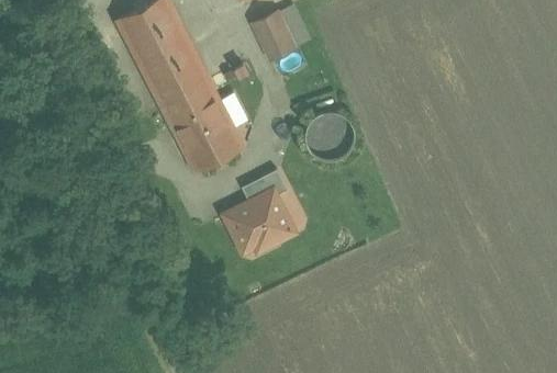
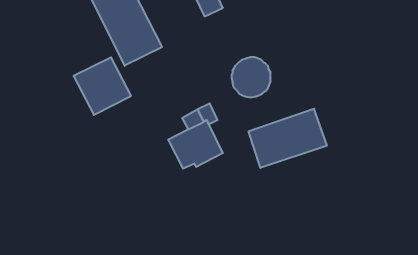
building: [169,97,242,169] -> [74,57,131,115]
building: none -> [249,109,327,168]

